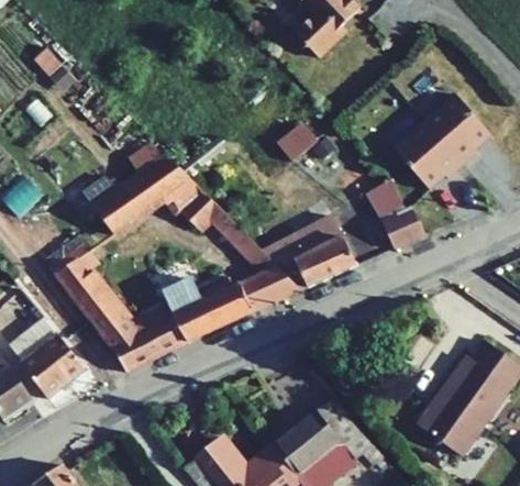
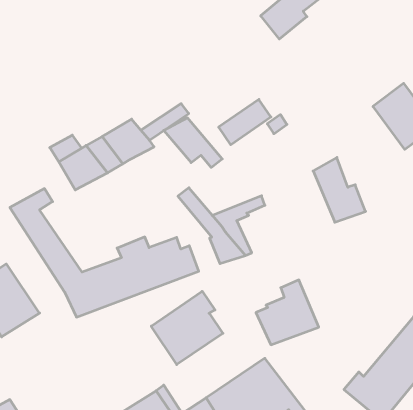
building: [394,122,462,188] -> none
building: [170,184,235,234] -> [164,118,222,167]
building: [289,217,357,288] -> [256,280,319,345]
building: none -> [151,291,223,365]

